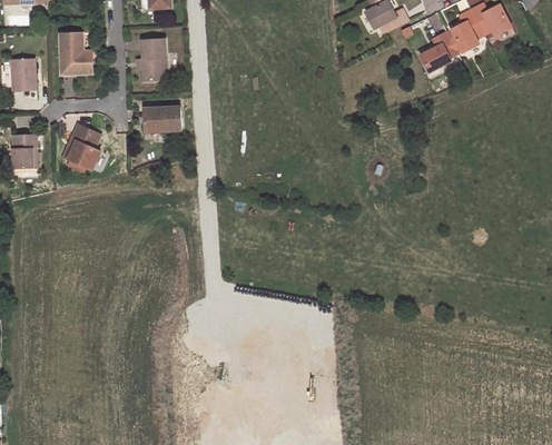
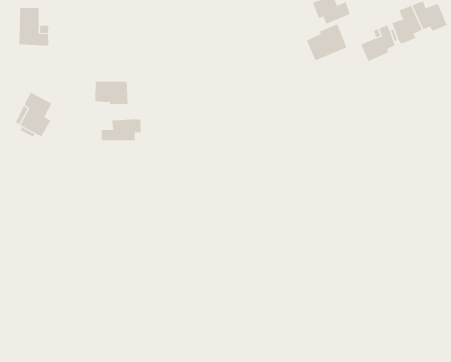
building: none -> [306,23,347,61]
building: [141,39,167,80] -> none
building: none -> [101,118,141,141]

